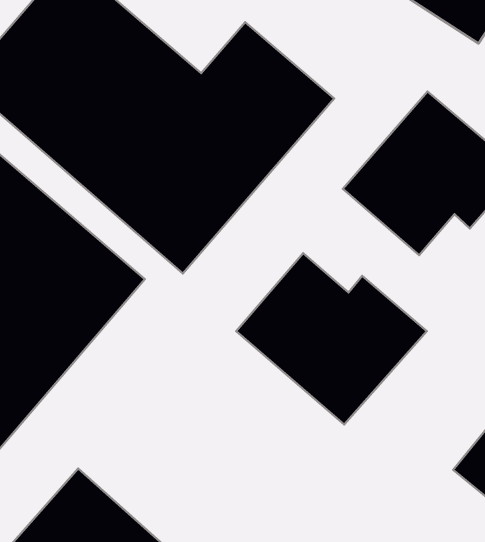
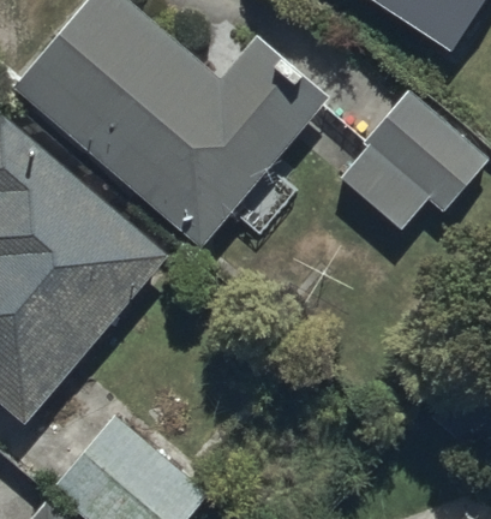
building: [236,253,427,424] -> none

